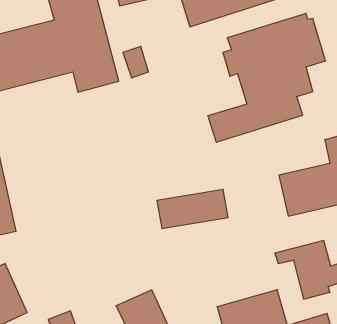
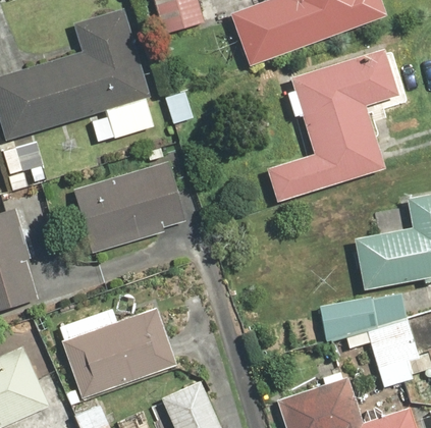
building: none -> [73,163,180,256]
building: [157,189,228,228] -> [317,285,402,332]
building: none -> [57,308,178,399]

